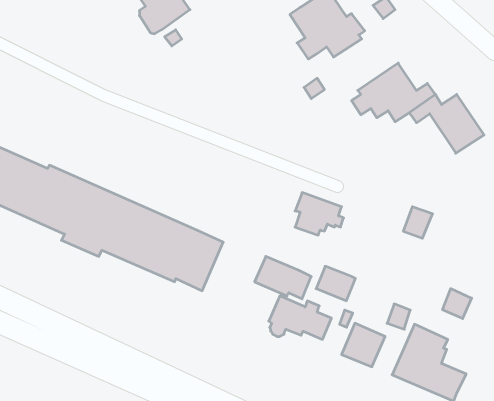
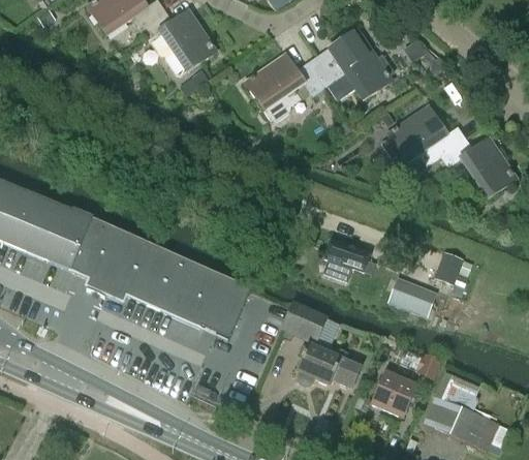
building: none -> [244,53,334,119]
building: [316,266,355,301] -> [387,278,428,313]
building: [443,289,472,319] -> none

